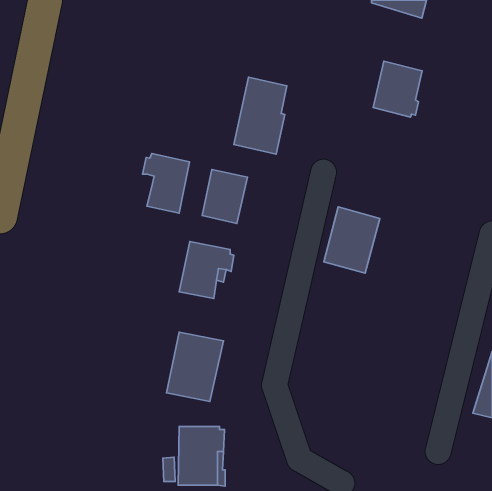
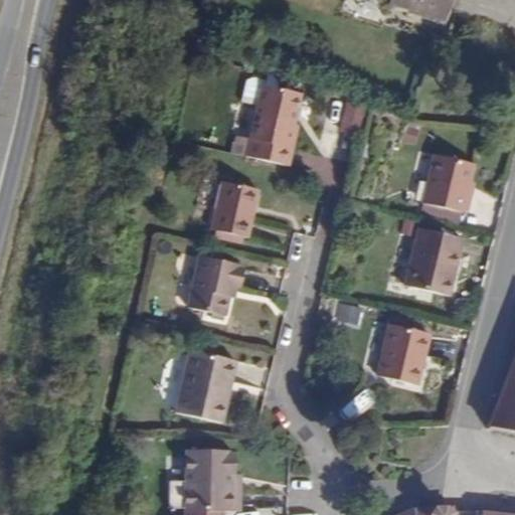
building: [373,61,422,117] -> [424,156,476,214]
building: [142,154,190,213] -> none
building: [324,207,380,273] -> [406,229,465,299]
building: none -> [377,329,431,391]

